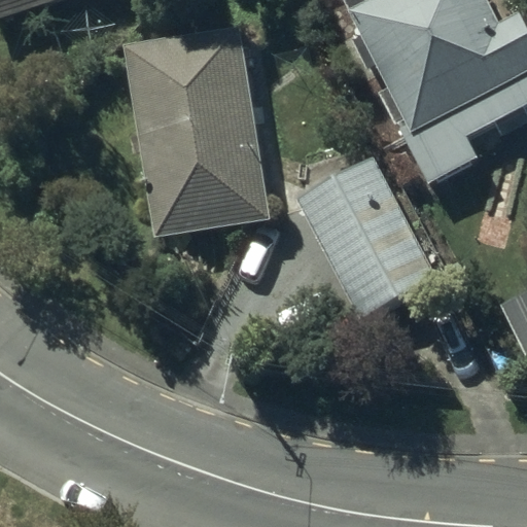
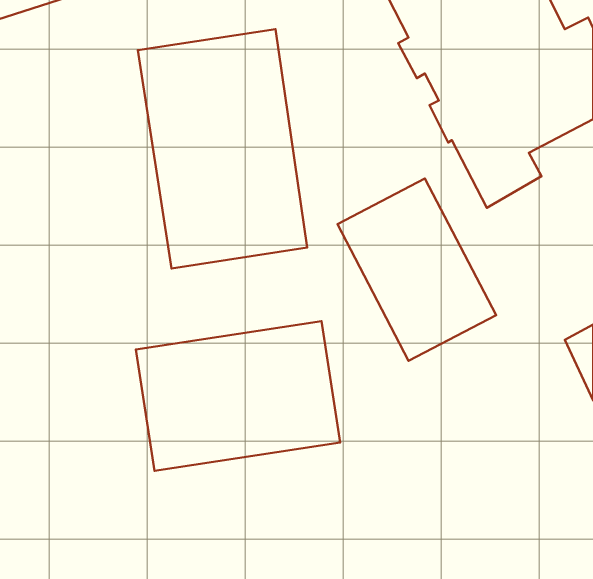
building: none -> [136,321,340,471]

